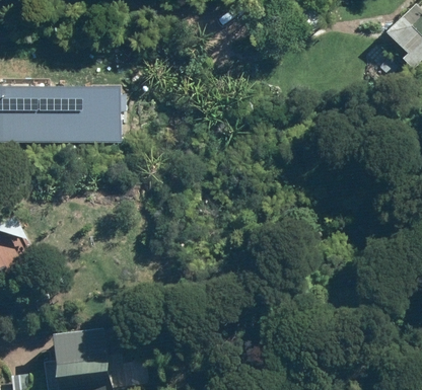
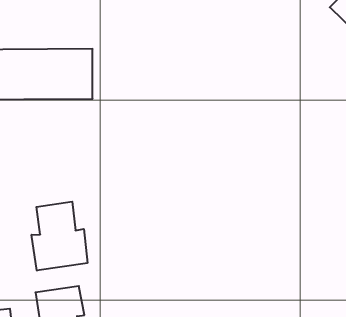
building: none -> [32,202,87,271]

